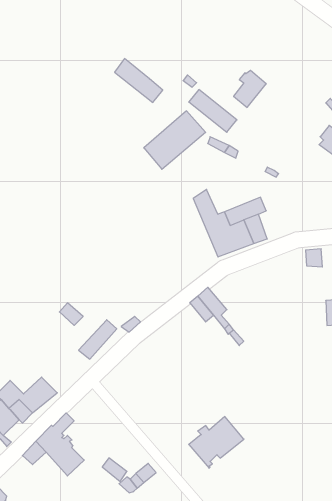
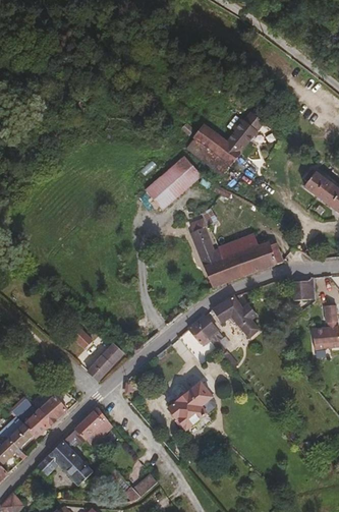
building: [115,59,163,102] -> [195,123,239,163]
building: none -> [249,241,283,271]
building: none -> [211,291,259,337]
building: none -> [75,407,112,446]
building: [189,417,244,468] -> [167,383,217,430]

